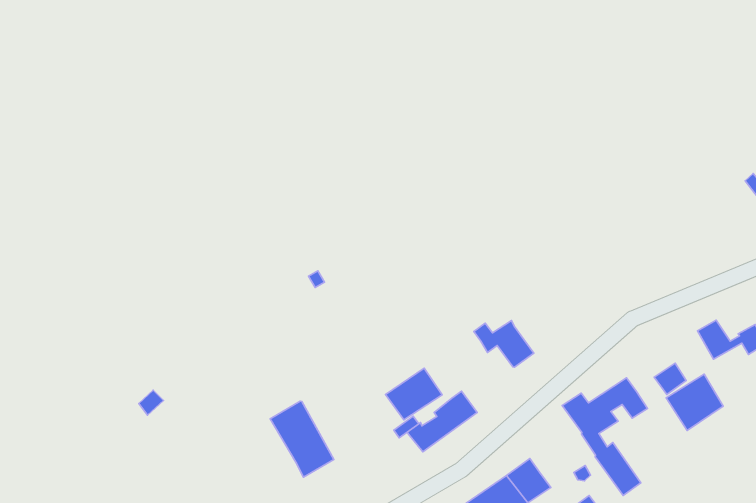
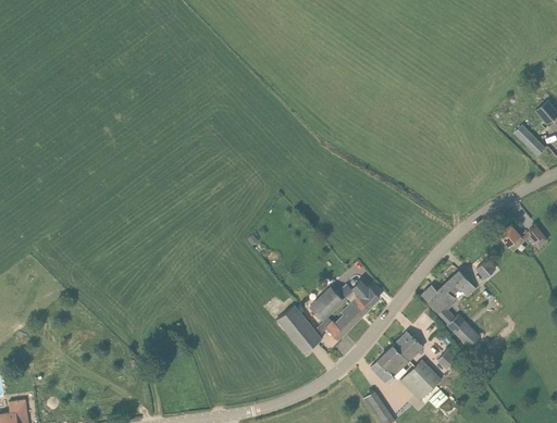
building: [474,320,534,367] -> [339,278,380,308]
building: [666,374,723,430] -> none
building: [270,401,334,477] -> [276,304,321,352]

